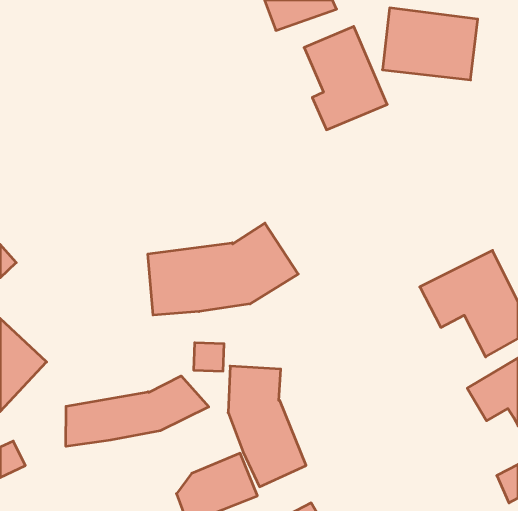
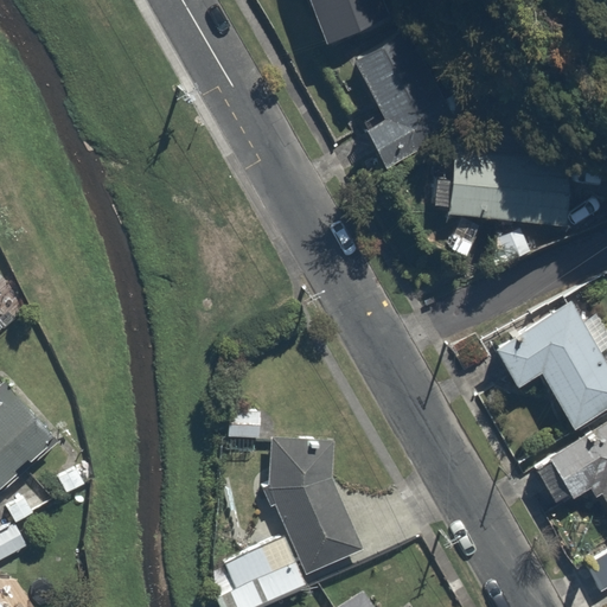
building: [382,8,478,80] -> [446,140,557,224]
building: [148,223,298,315] -> none
building: [66,376,209,446] -> none

